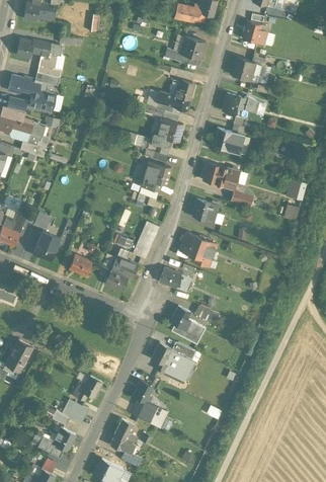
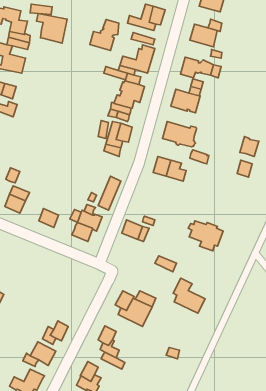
building: none -> [36,13,67,43]
building: none -> [90,19,119,51]
building: [179,233,217,265] -> [188,221,223,251]
building: [170,306,205,343] -> [173,278,205,313]

